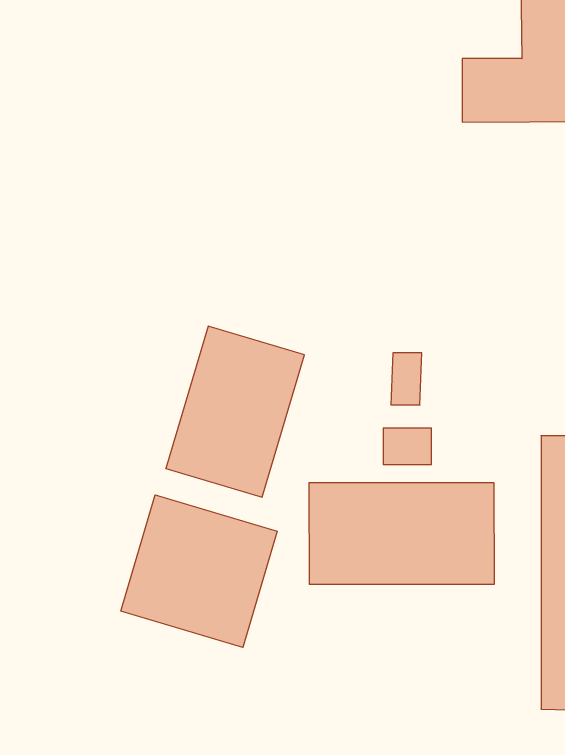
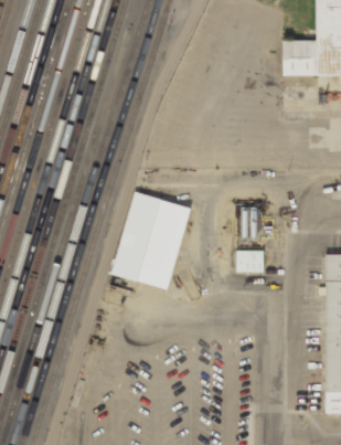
building: [309,483,494,584] -> none
building: [121,495,277,647] -> none

